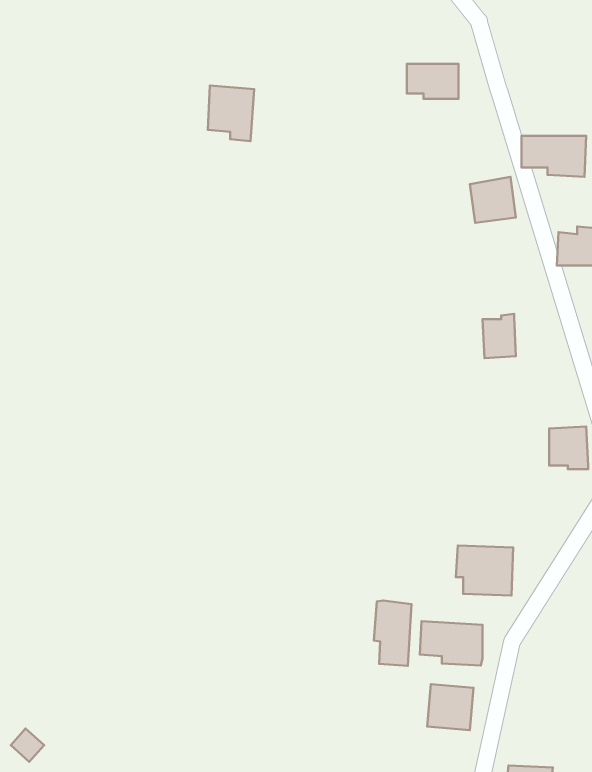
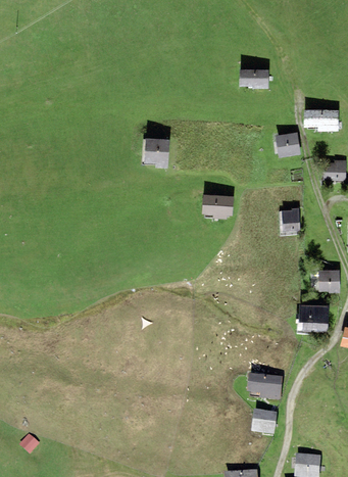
building: [208,85,254,141] -> [144,137,169,168]
building: none -> [202,194,233,218]
building: [456,546,513,596] -> [298,303,330,331]
building: [374,600,412,666] -> none

